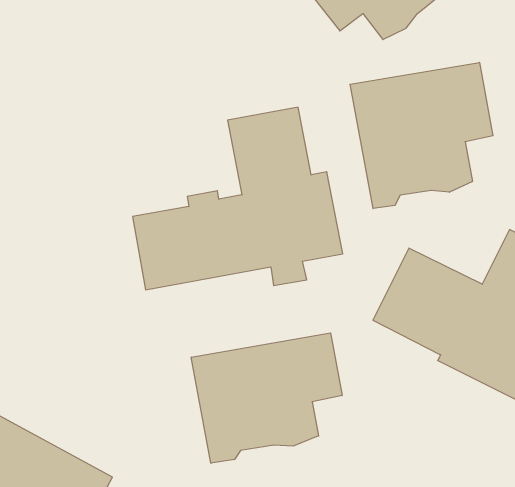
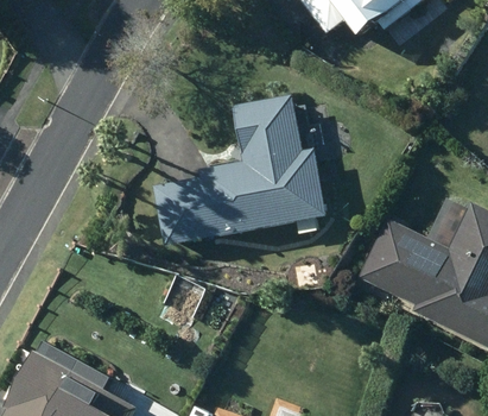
building: [350,62,493,209] -> none
building: [191,333,342,463] -> none

